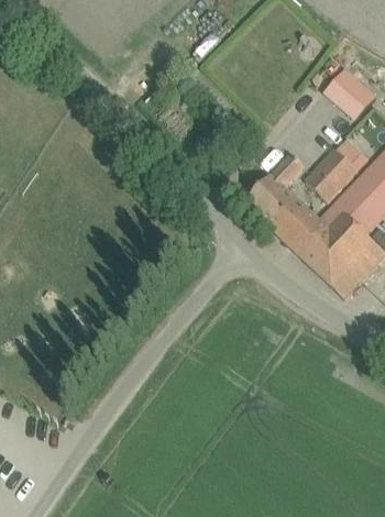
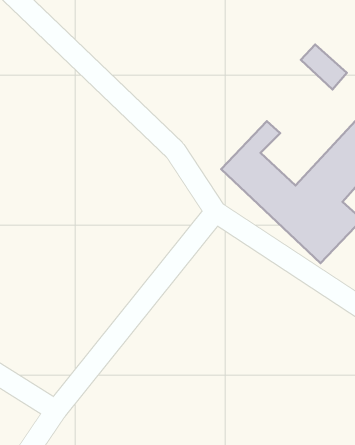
building: [306,148,358,200] -> none

